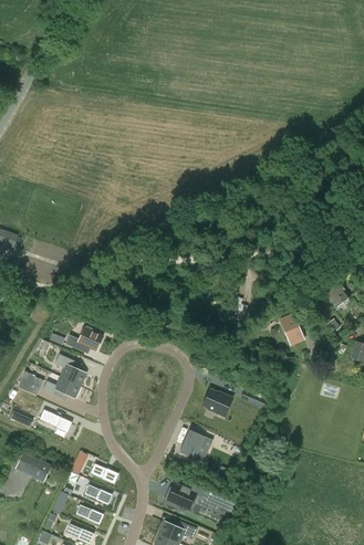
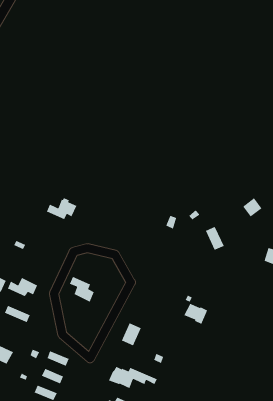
building: [65,326,103,354] -> [46,197,77,220]
building: [55,354,86,386] -> [69,276,95,303]
building: [202,389,232,416] -> [183,303,208,325]

